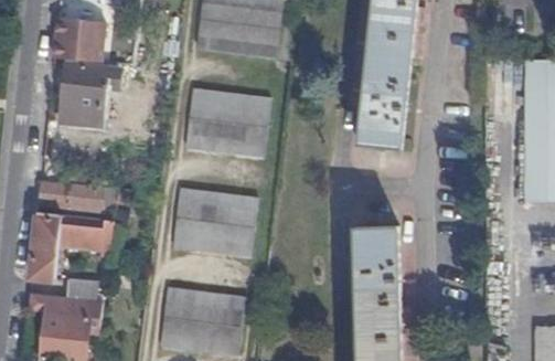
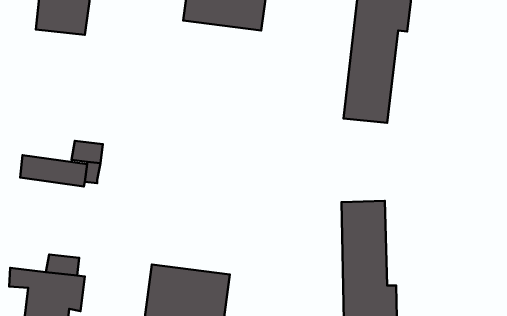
building: [52,62,118,124] -> none
building: [184,87,270,157] -> none
building: [171,189,256,256] -> none
building: [29,211,110,279] -> none

